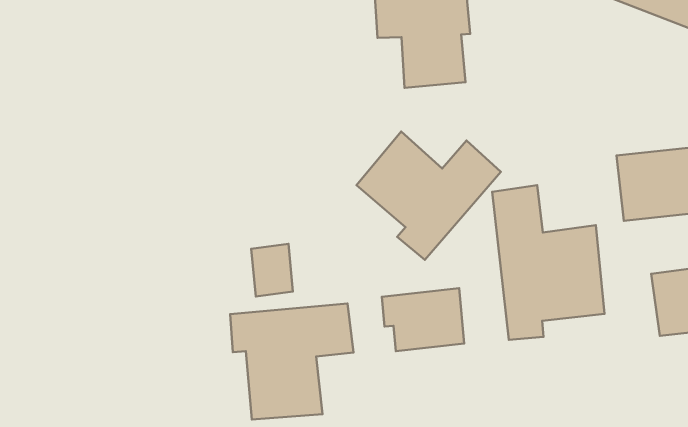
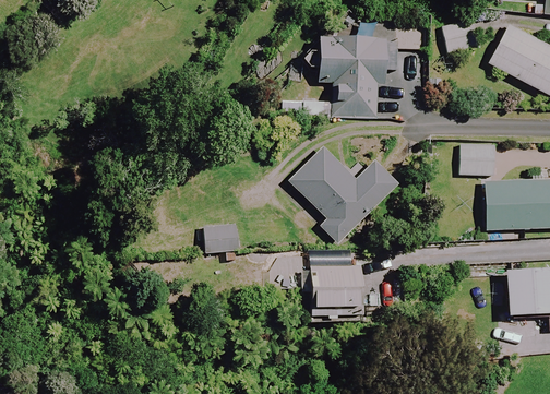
building: none -> [461,144,495,175]
building: [492,185,604,340] -> none
building: [230,303,353,419] -> none

